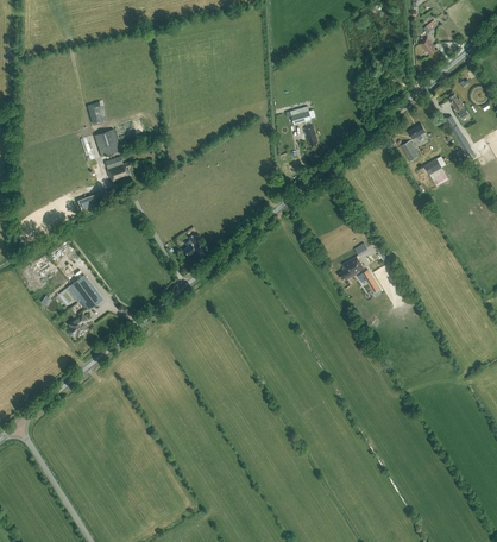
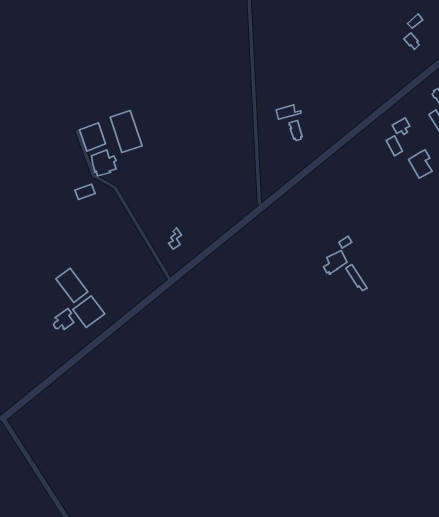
building: none -> [110,110,142,152]
building: none -> [73,296,105,328]

